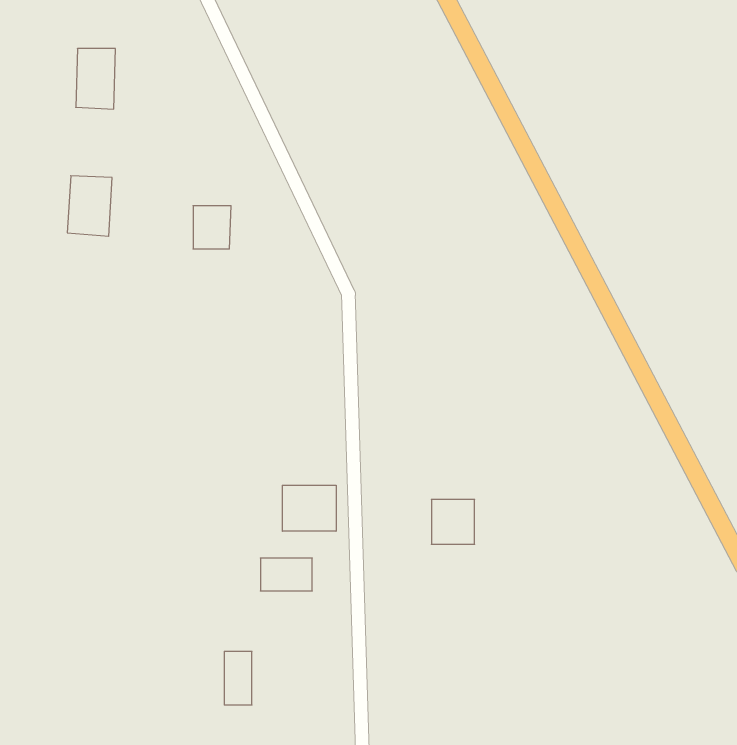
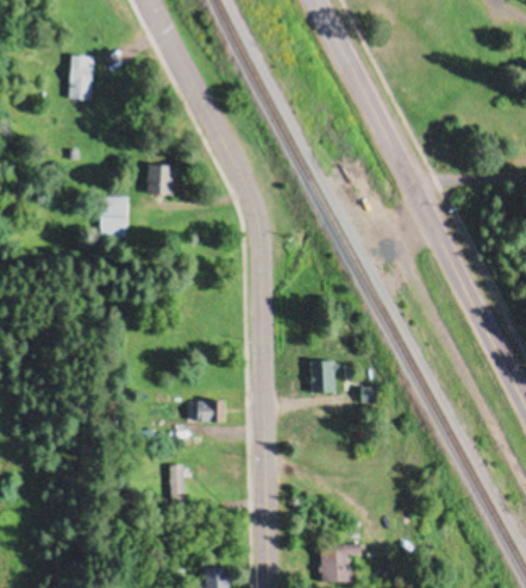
building: [67,176,112,236] -> [95,193,126,234]
building: [282,485,336,531] -> none

